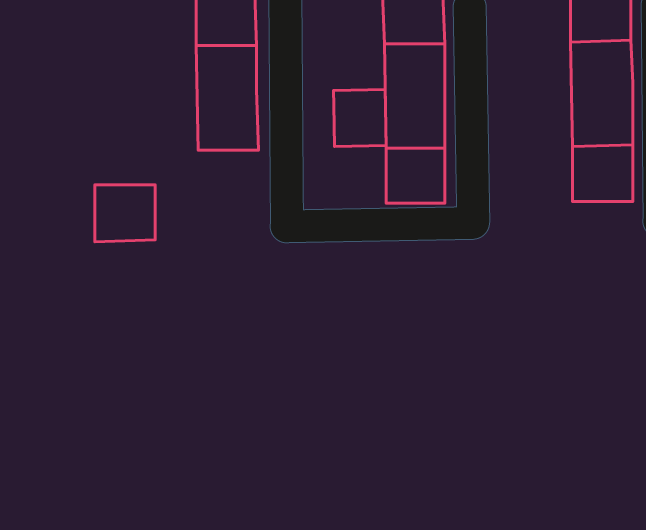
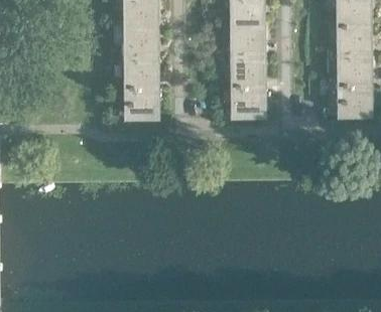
building: [333,90,386,146] -> none
building: [95,185,155,242] -> [124,88,158,120]

